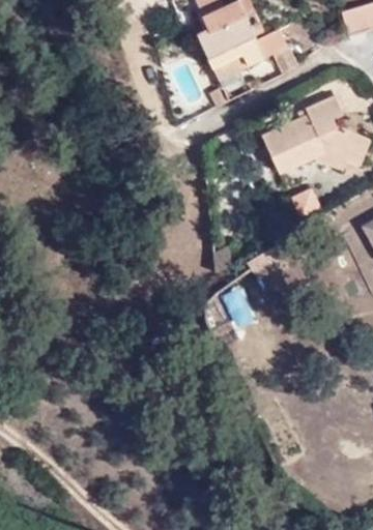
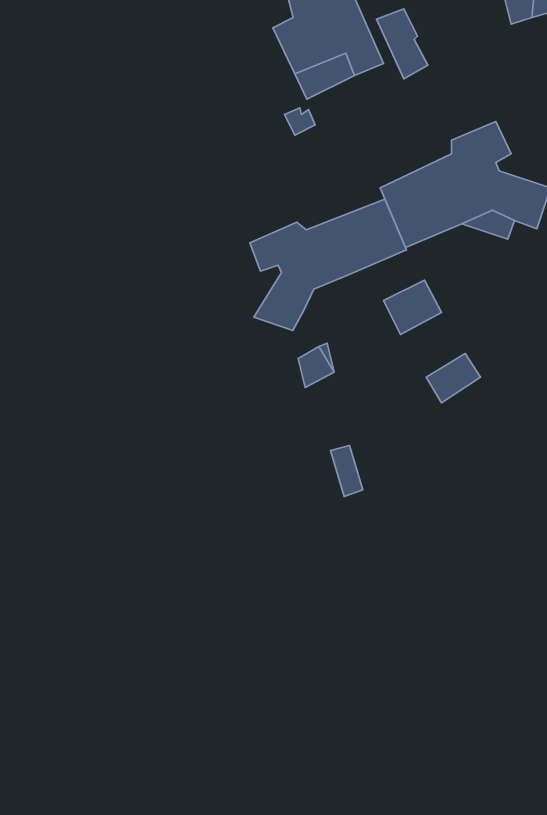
building: none -> [250,199,406,330]

